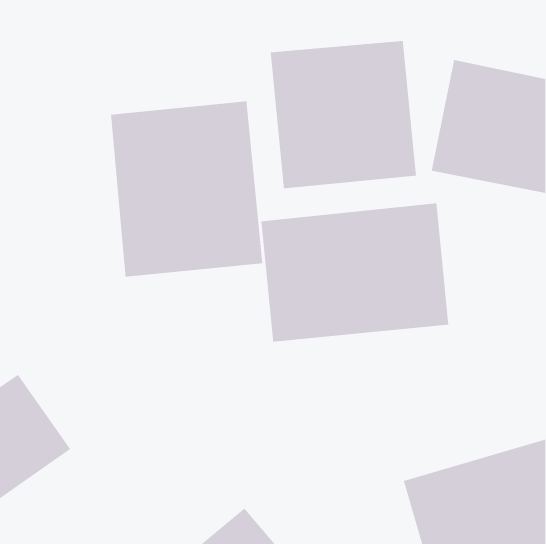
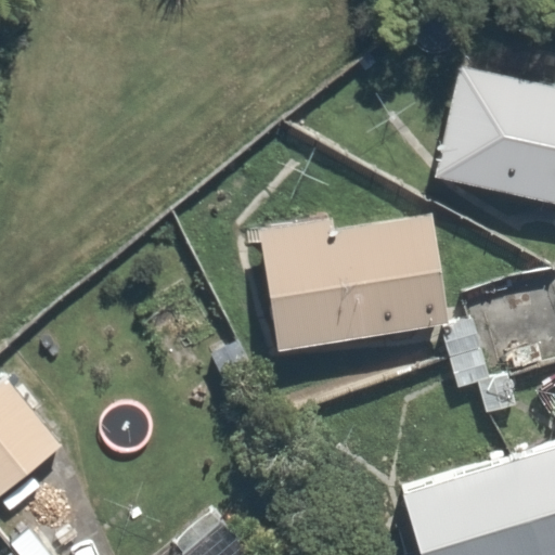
building: [270,40,417,189] -> none
building: [110,101,263,278] -> none

